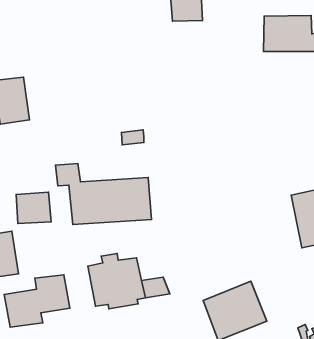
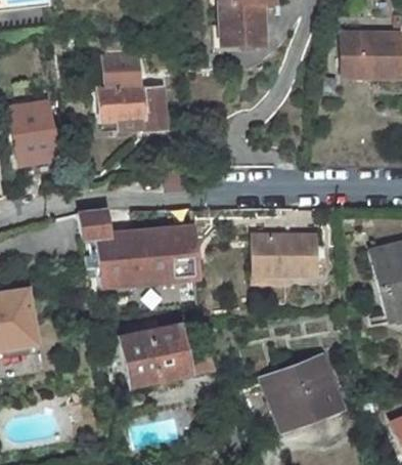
building: none -> [98,49,167,128]
building: none -> [255,236,318,276]
building: [16,192,51,224] -> none
building: [4,275,70,327] -> none

